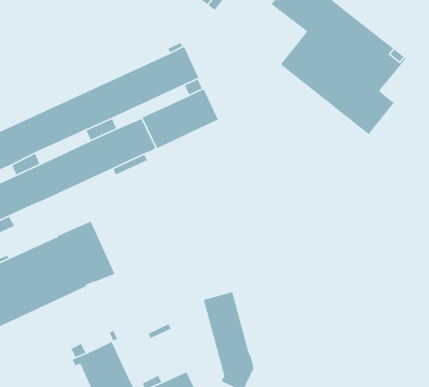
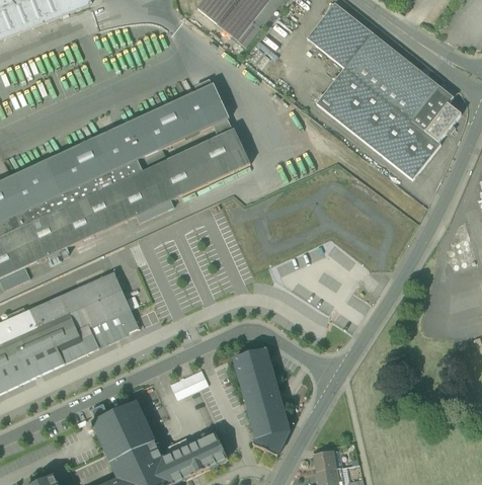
building: none -> [424,103,461,143]
building: none -> [169,370,208,393]

